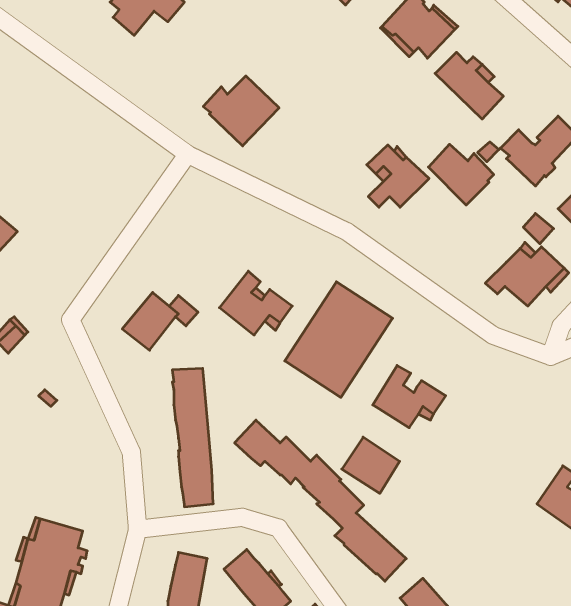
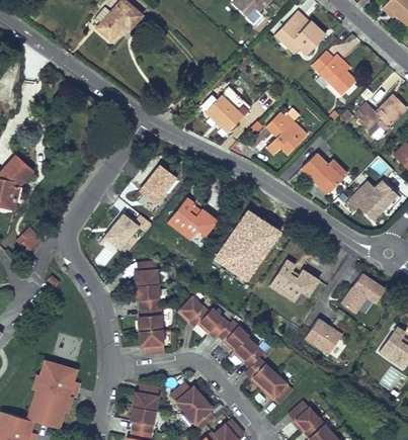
building: [203,76,279,146] -> [200,87,251,134]
building: [428,144,494,205] -> [302,154,345,194]
building: none -> [137,162,177,204]
building: none -> [338,274,384,316]
building: [342,437,400,493] -> [303,320,341,357]

